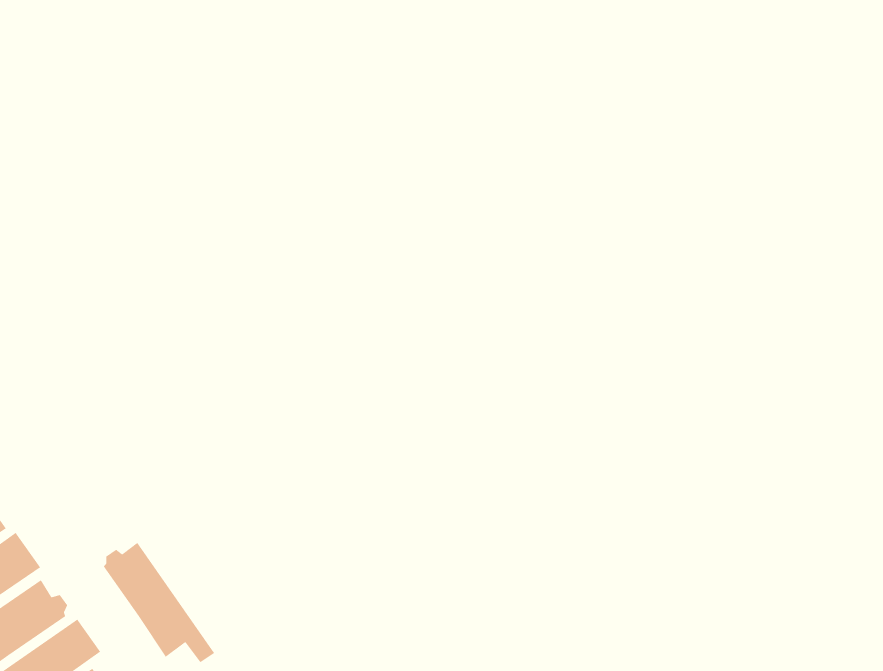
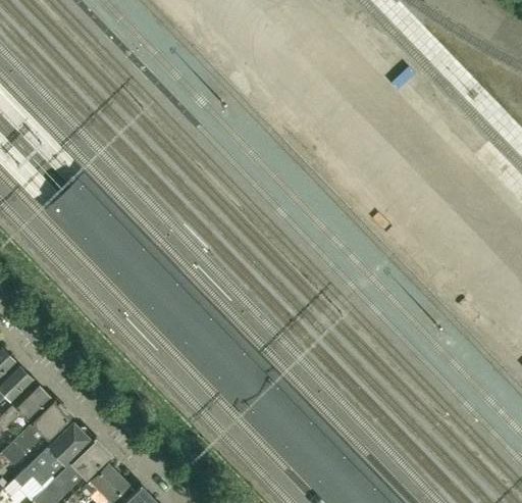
building: [103,542,215,663] -> none

